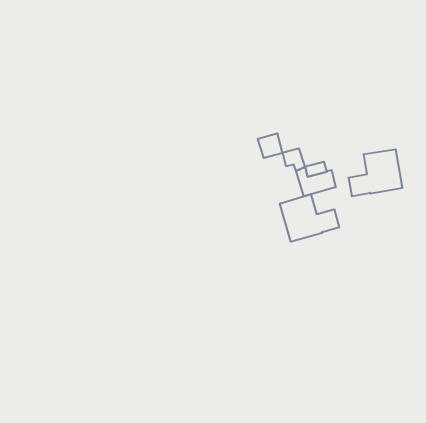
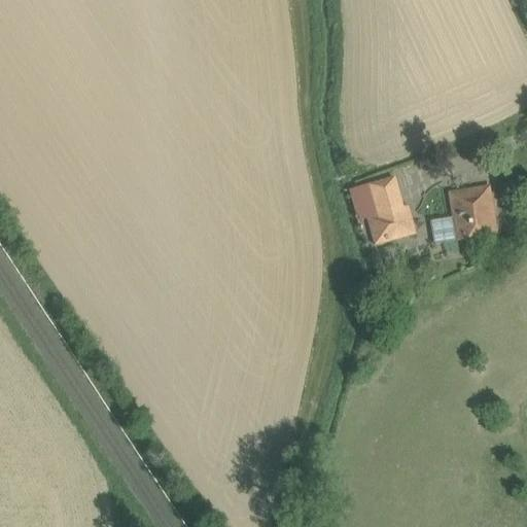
building: [258,133,283,158] -> [370,176,400,206]
building: [280,194,339,242] -> none

